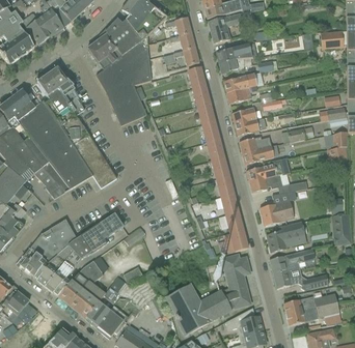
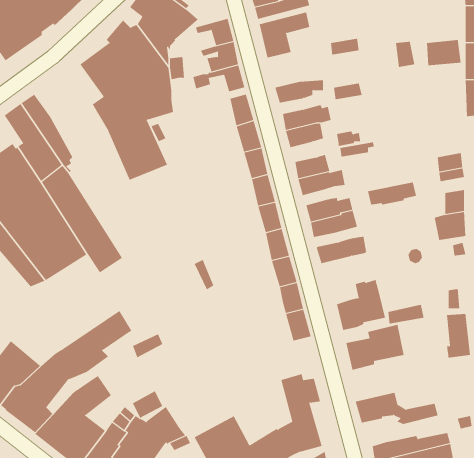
building: [216,42,256,63] -> none
building: [249,174,307,194] -> none
building: [42,219,76,250] -> none
building: [222,230,247,253] -> none
building: [269,248,315,273] -> none

